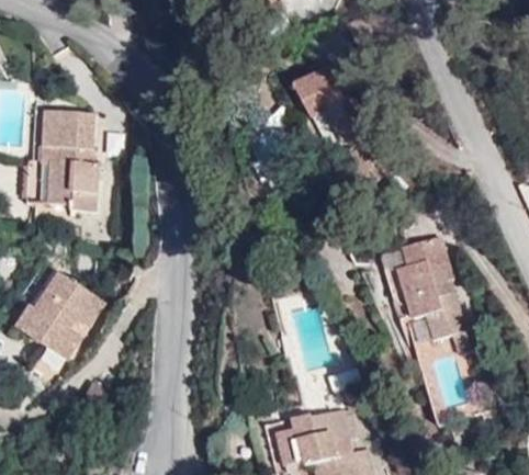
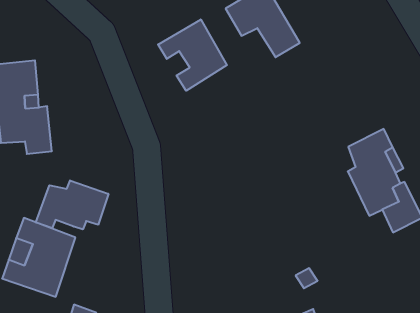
building: none -> [158,19,227,91]
building: none -> [36,180,108,229]

